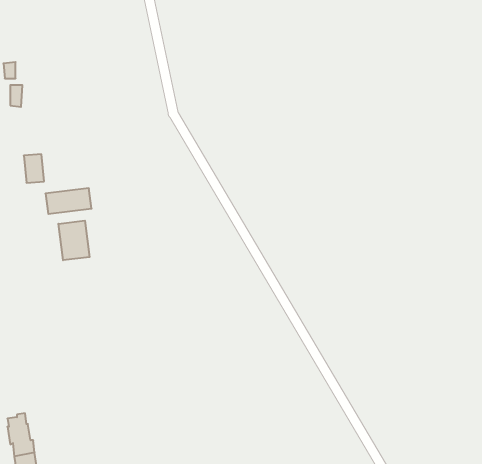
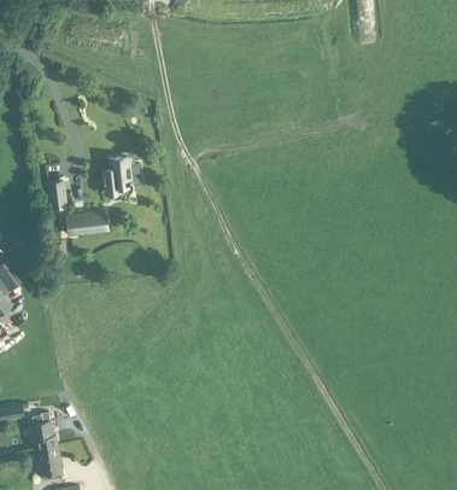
building: none -> [101,157,131,193]
building: [58,221,90,260] -> none

